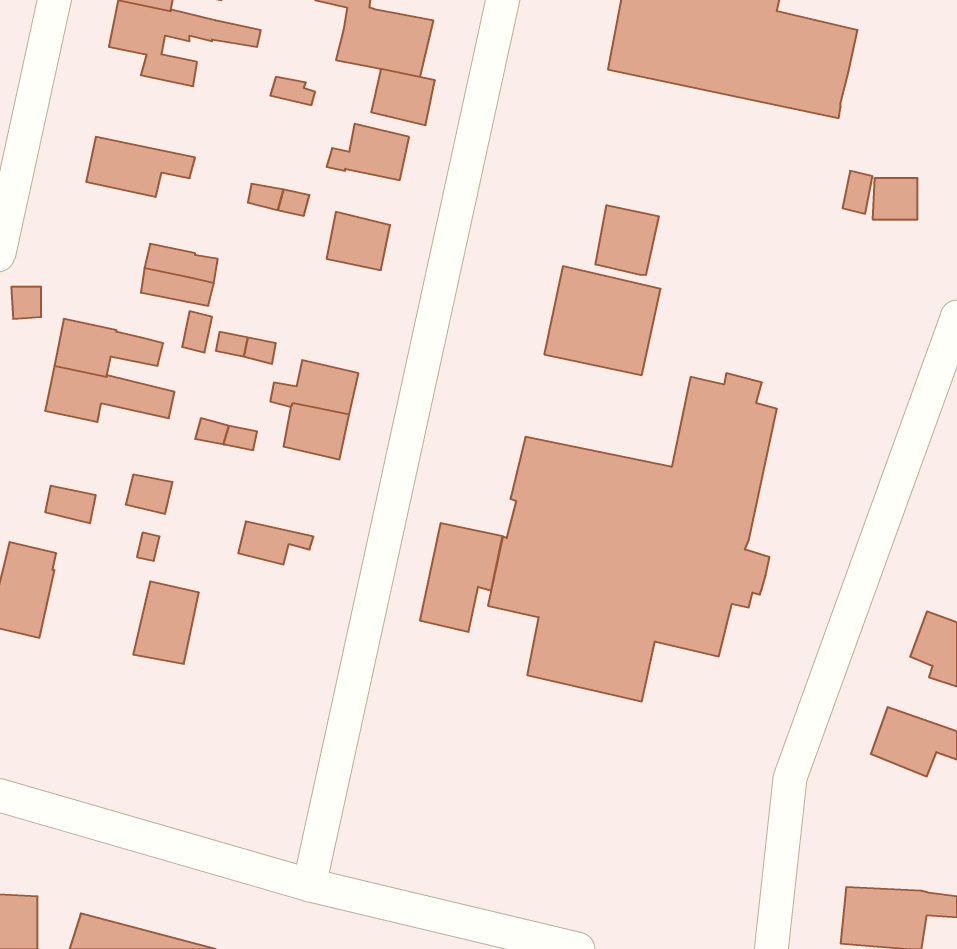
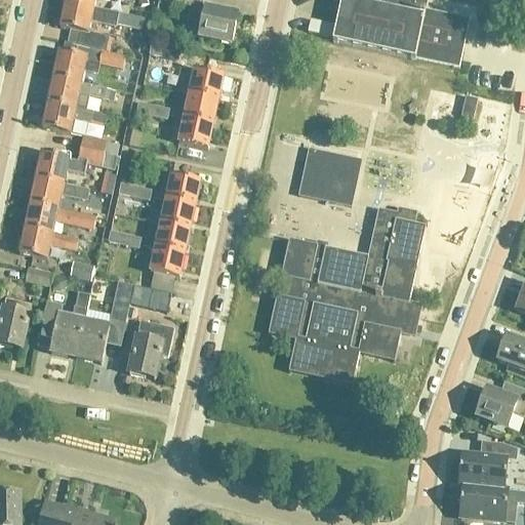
building: [371,69,435,125] -> [184,92,218,123]
building: none -> [52,41,139,81]
building: none -> [42,99,91,132]
building: [596,205,659,275] -> none
building: none -> [35,151,69,180]
building: none -> [165,173,201,204]
building: none -> [18,225,90,257]
building: none -> [149,244,186,277]
building: none -> [98,280,133,321]
building: [420,523,502,632] -> [128,319,173,378]
building: none -> [49,313,82,358]
building: none -> [458,441,517,487]

